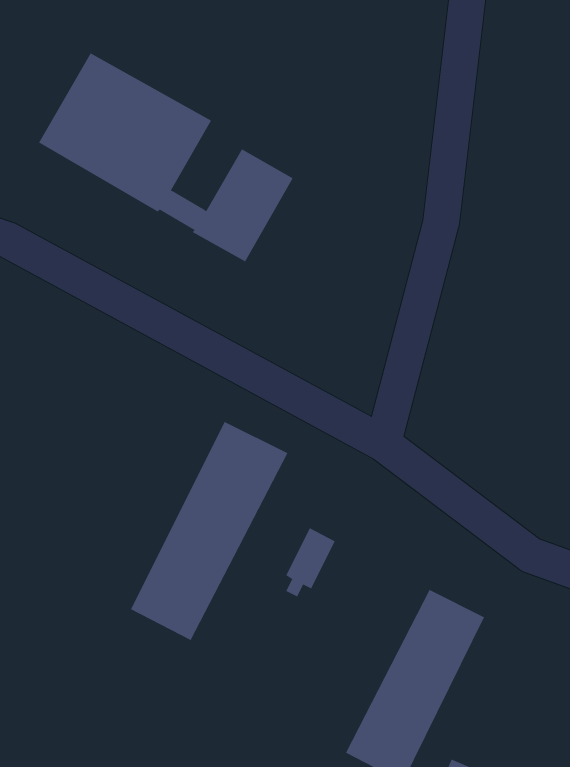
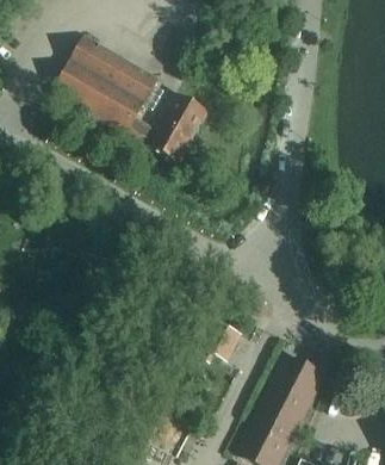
building: [130,421,288,641] -> none

